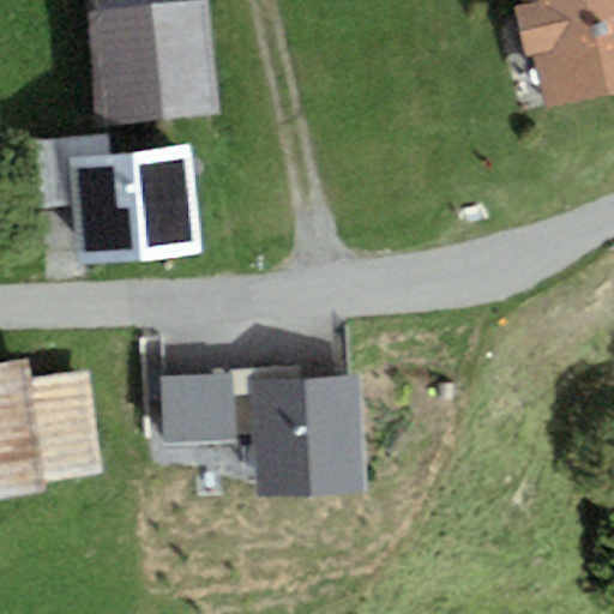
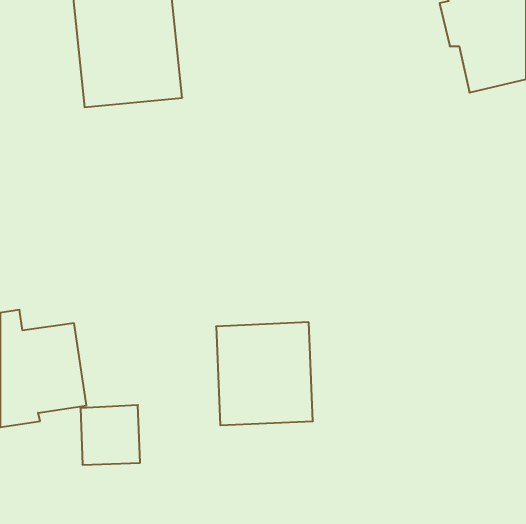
building: [29,131,198,261] -> none
building: [163,372,233,441] -> [80,405,140,465]

